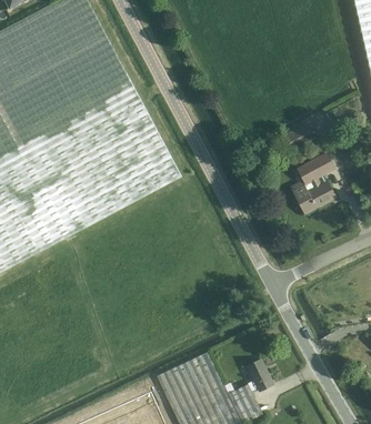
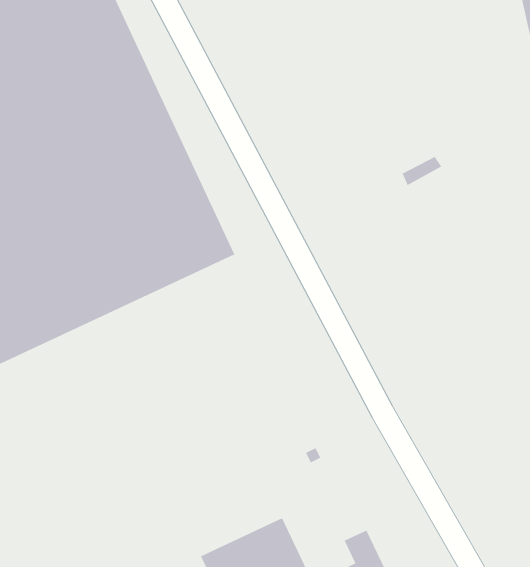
building: [291,154,337,214] -> none

